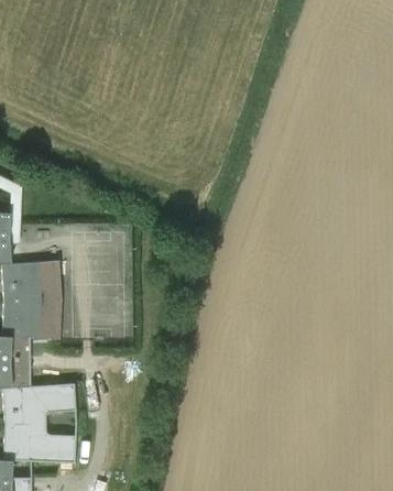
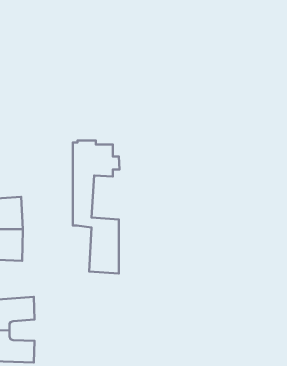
building: none -> [73,141,120,273]

